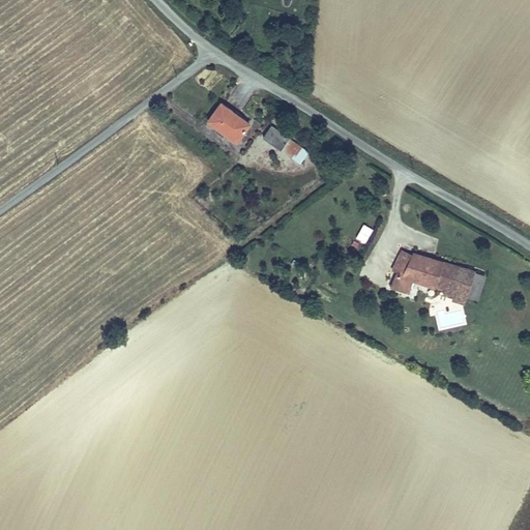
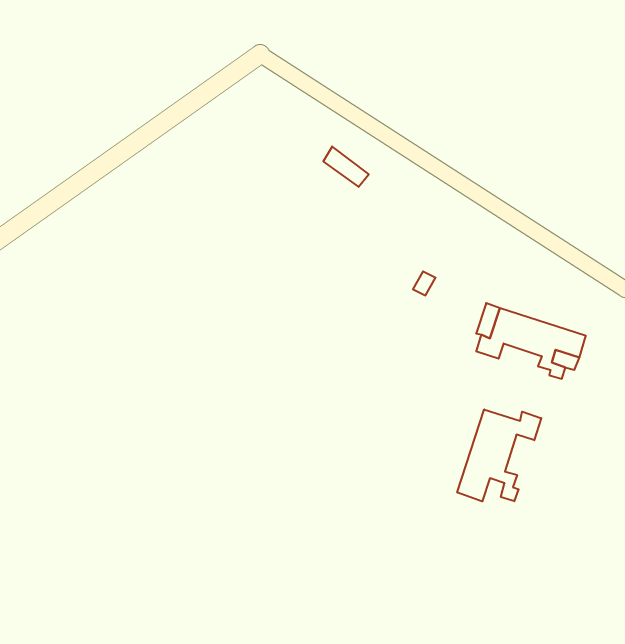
building: [210,102,249,139] -> none
building: none -> [457,409,541,501]

